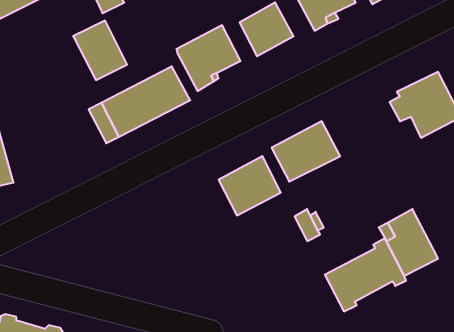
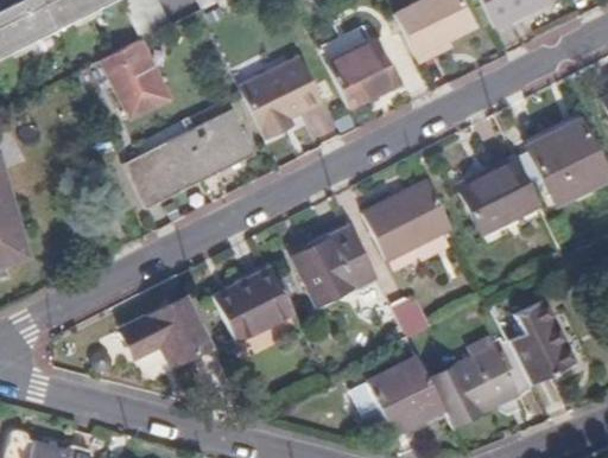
building: none -> [458,155,540,233]
building: none -> [215,267,298,343]
building: none -> [125,297,215,379]
building: none -> [369,355,445,428]

